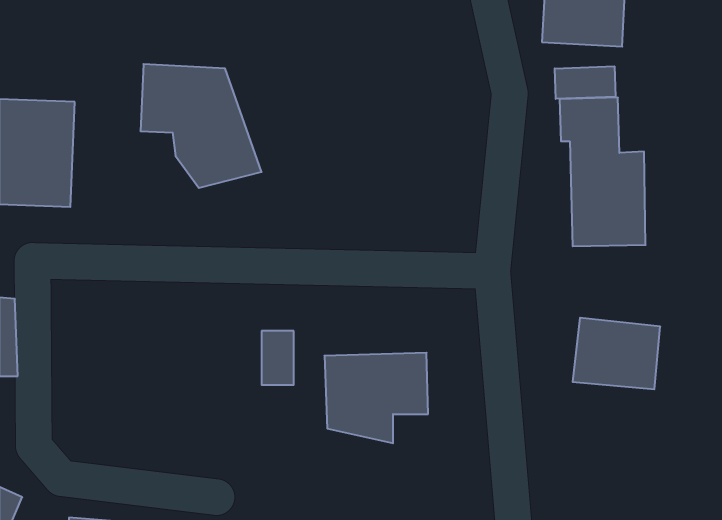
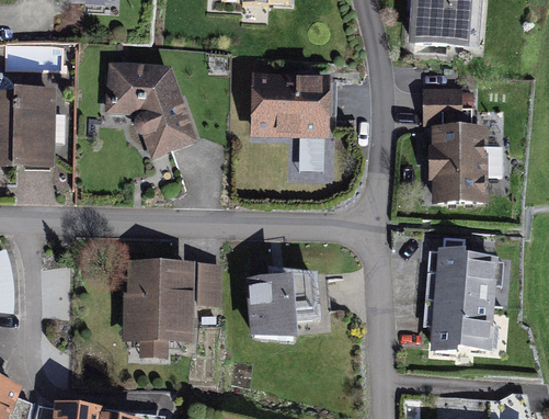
building: [555,66,615,99] -> none
building: none -> [247,71,327,136]
building: none -> [126,261,186,338]
building: none -> [426,299,492,353]

